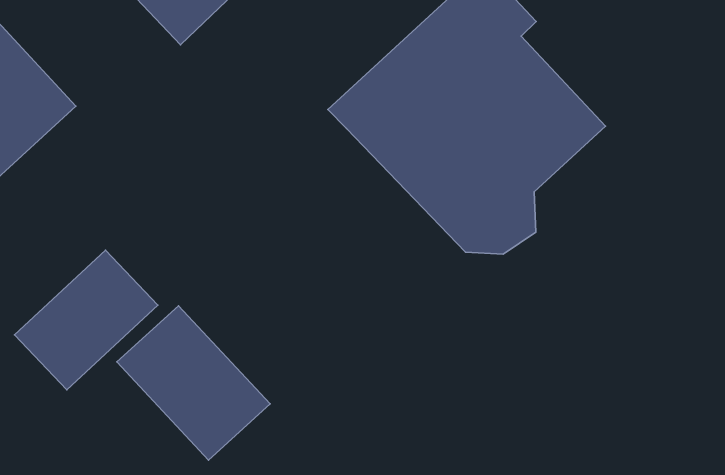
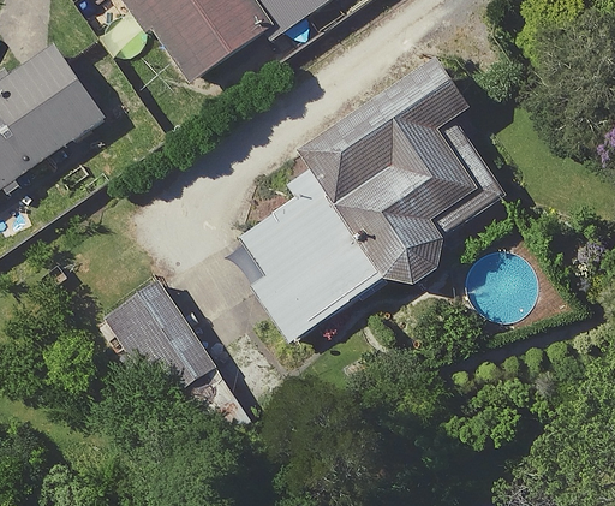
building: none -> [241,167,384,343]
building: [15,250,158,390] -> none

